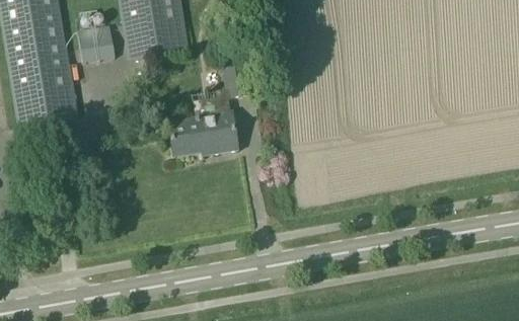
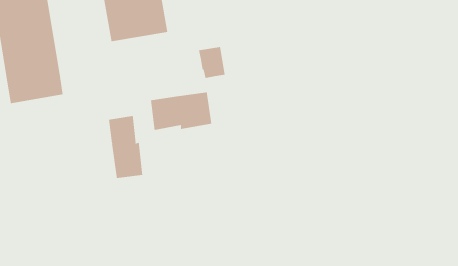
building: [76,22,113,61] -> none
building: none -> [109,115,143,179]

